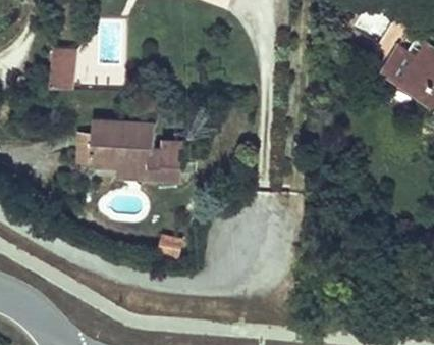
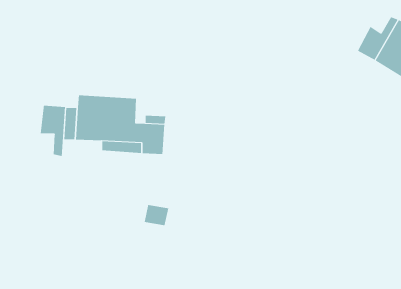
building: [46,45,71,88] -> none
building: none -> [40,105,65,157]

